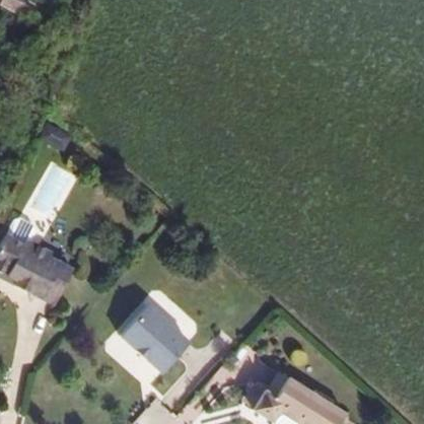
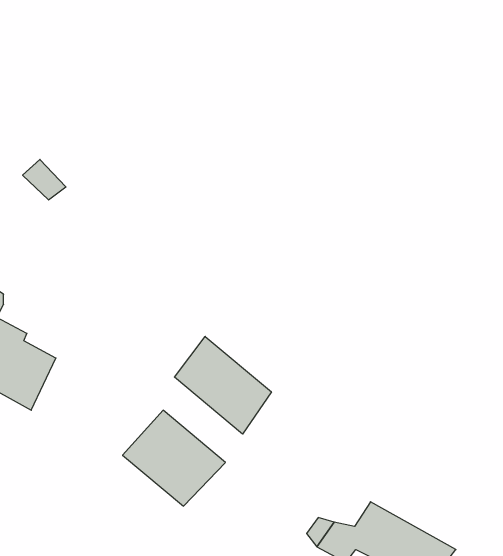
building: none -> [174,336,271,434]

